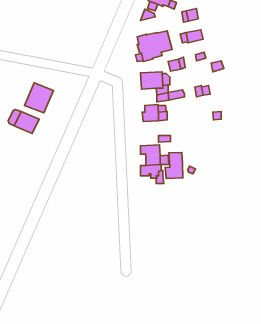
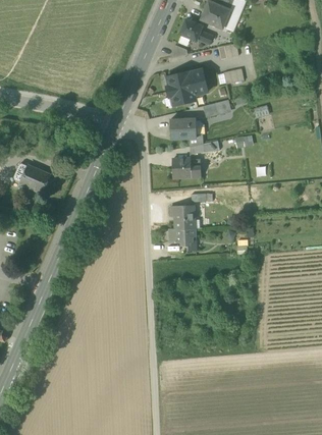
building: [24,83,53,113] -> none
building: [165,152,183,178] -> none

